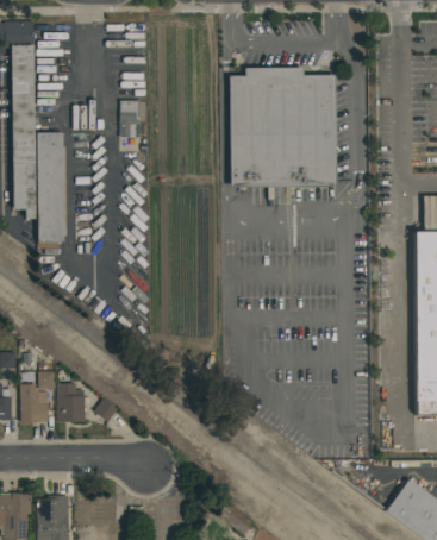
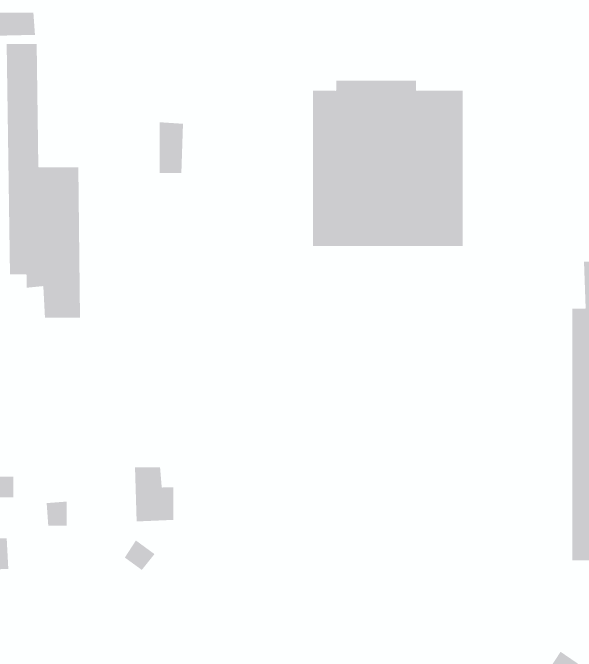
building: [57,383,86,422] -> [134,467,174,522]
building: [21,384,49,421] -> none

